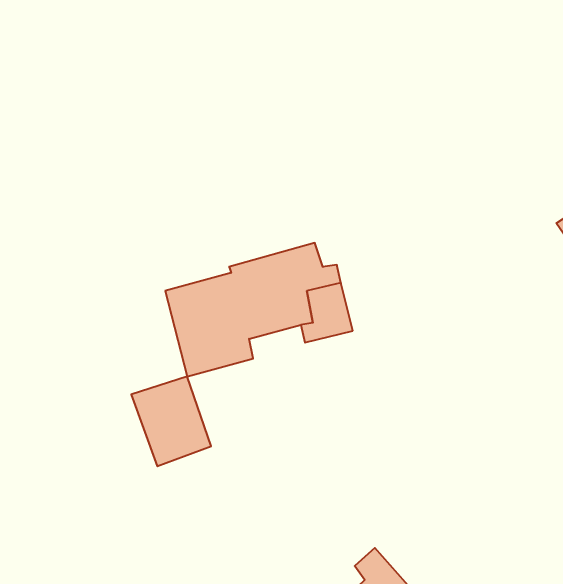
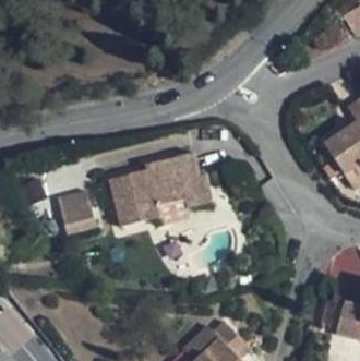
building: [131,377,211,466] -> [53,185,97,234]

